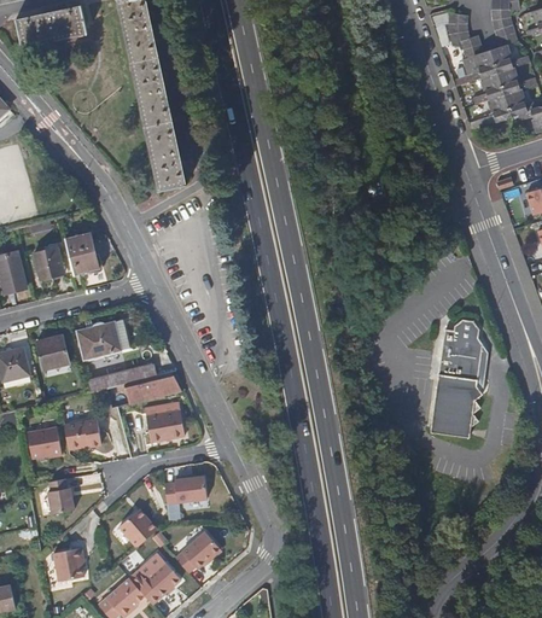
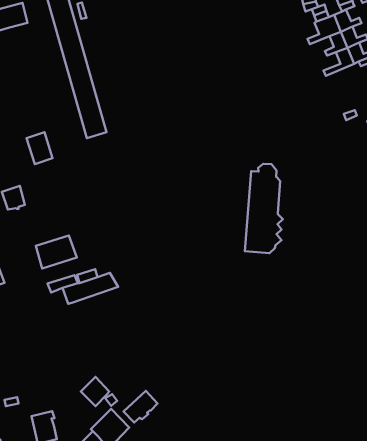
building: [66,233,99,274] -> [27,132,53,164]
building: [430,319,483,437] -> [245,164,283,253]
building: [34,334,70,371] -> none
building: [146,409,185,442] -> none
building: [65,416,101,445] -> none
building: [28,426,63,456] -> none
building: [164,476,206,502] -> none
building: [46,477,72,513] -> none

